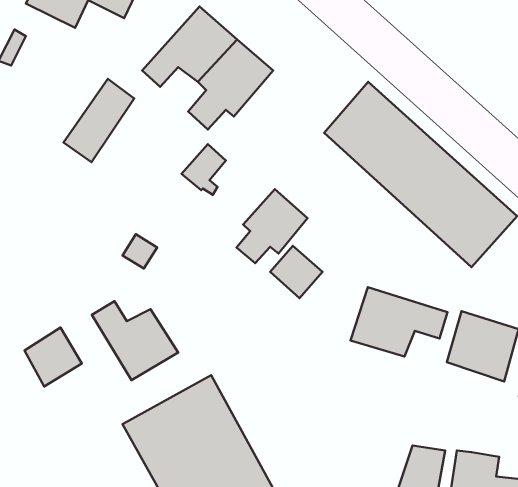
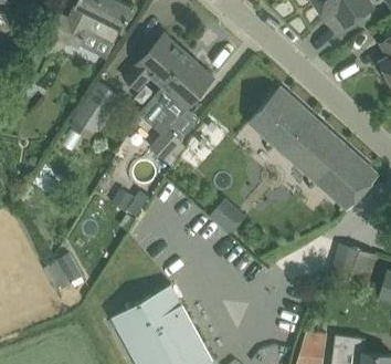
building: [237,189,307,263] -> none
building: [350,287,448,356] -> none
building: [92,301,178,380] -> none

